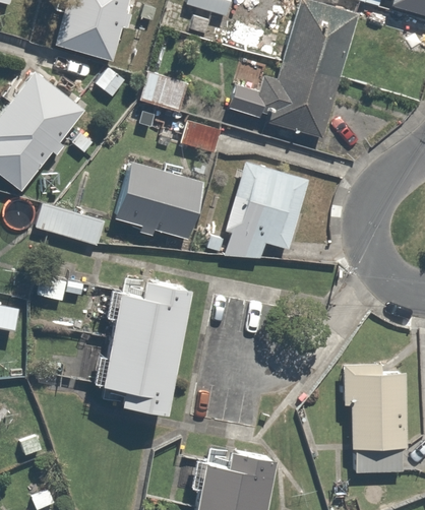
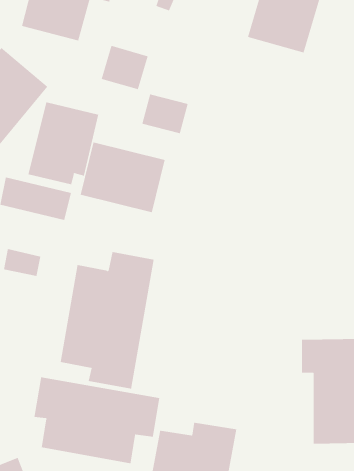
building: [229,59,343,139] -> none
building: none -> [28,102,99,185]
building: [227,163,309,258] -> none
building: none -> [34,376,160,464]

